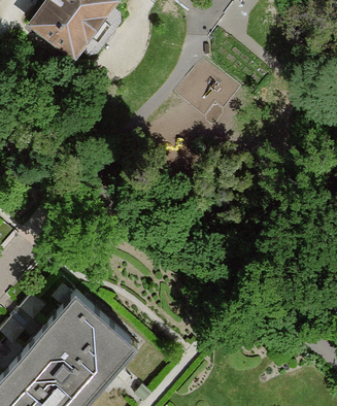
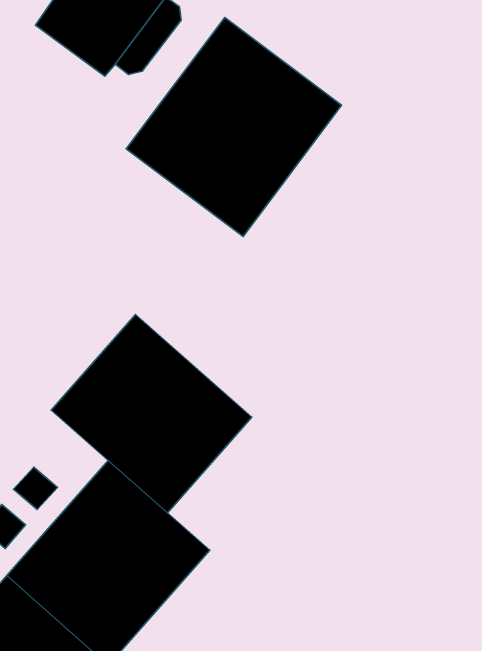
building: none -> [126,17,342,236]
building: none -> [51,315,252,513]

